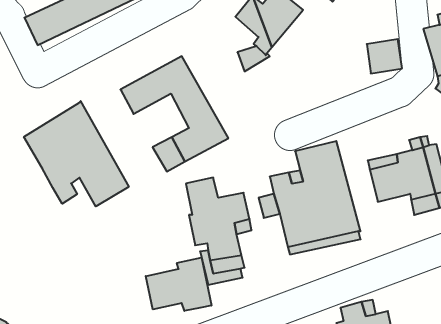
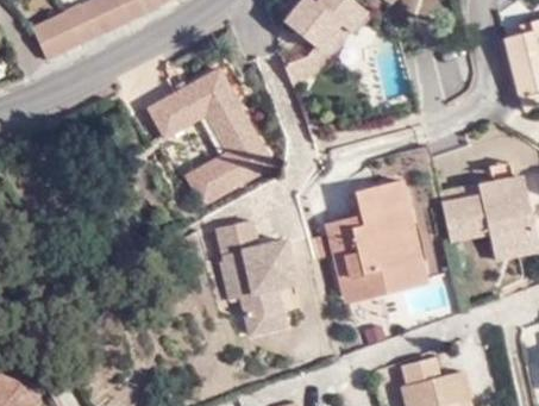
building: [24,101,129,206] -> none
building: [146,258,211,311] -> none

